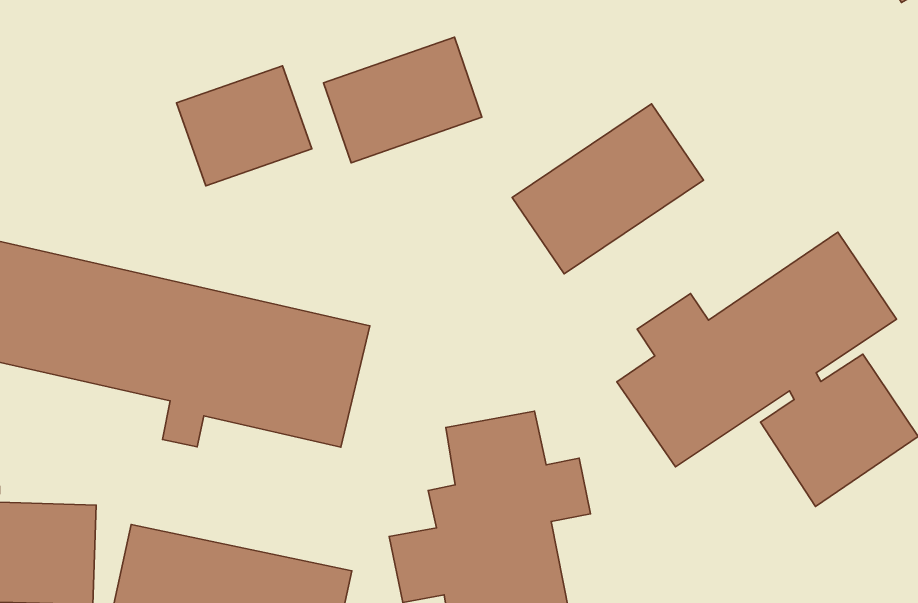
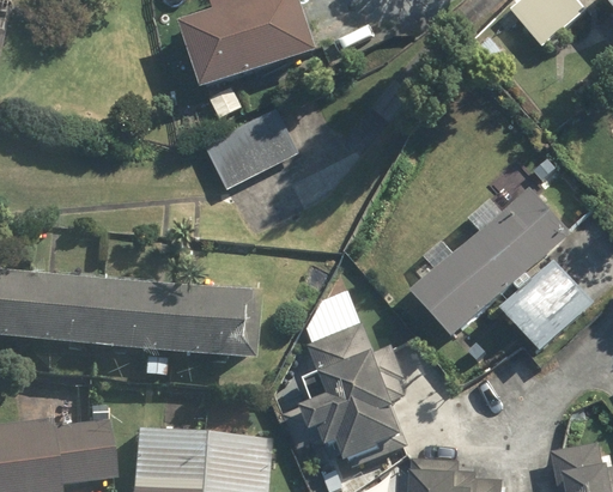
building: [177,66,312,186] -> none
building: [512,104,704,274] -> none

